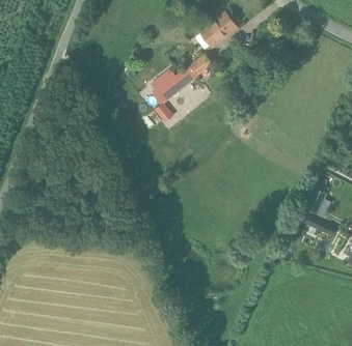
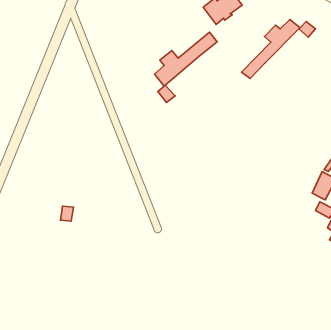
building: none -> [242,19,316,79]

